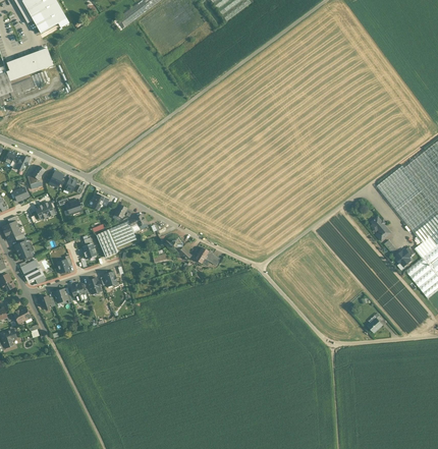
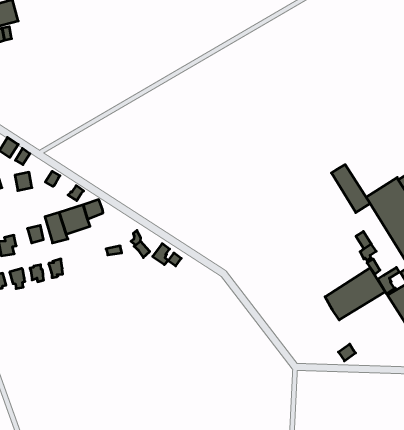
building: none -> [331,165,370,213]
building: none -> [325,268,385,320]

